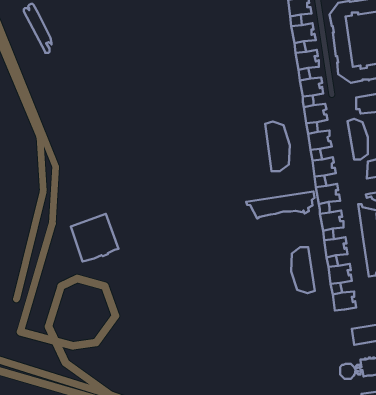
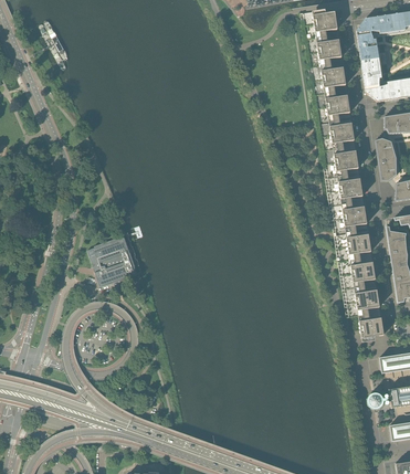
building: [265,122,290,171] -> none
building: [246,191,314,219] -> none
building: [291,247,315,293] -> none

